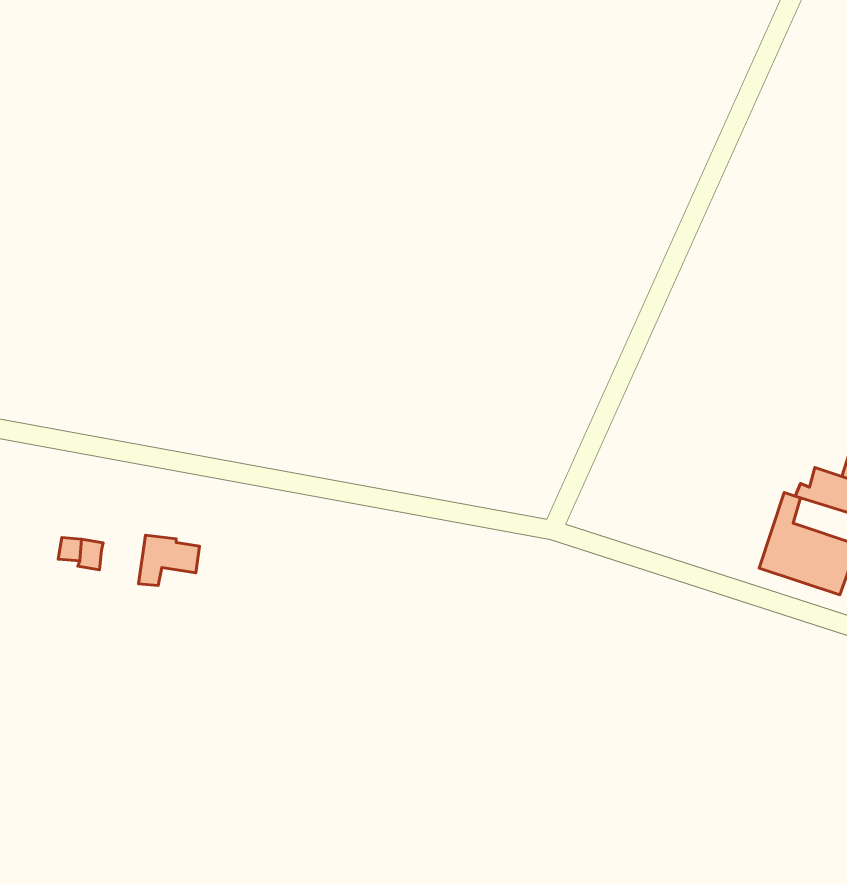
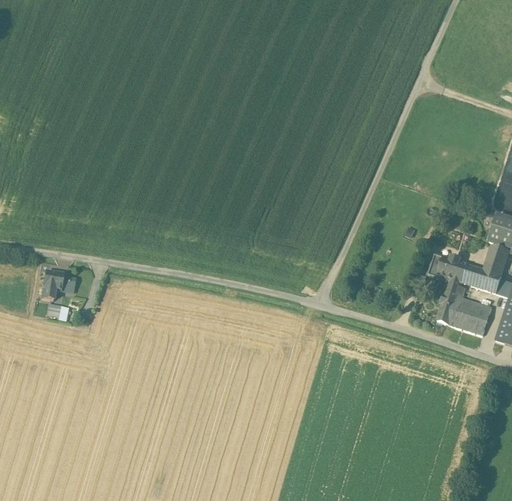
building: none -> [428,254,468,281]
building: [138,535,200,586] -> [42,272,76,300]

